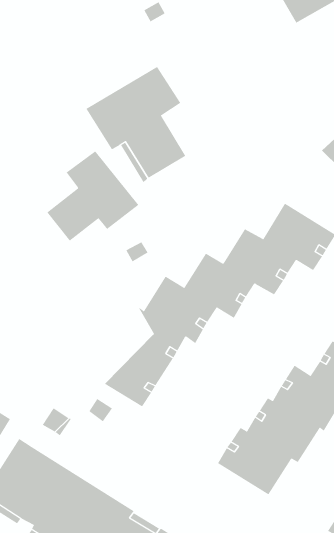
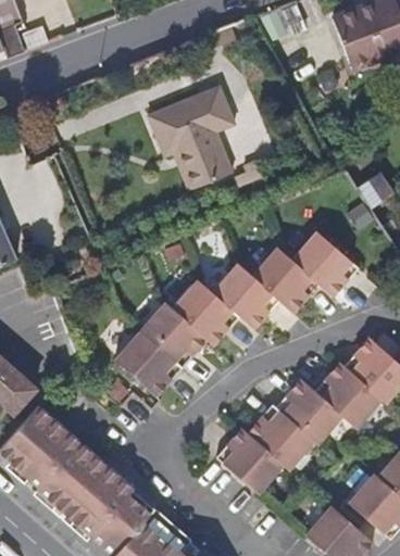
building: [47,150,139,241] -> none
building: none -> [113,301,176,368]

